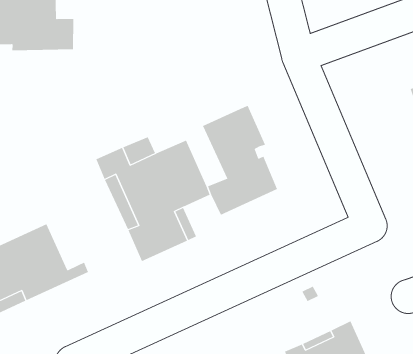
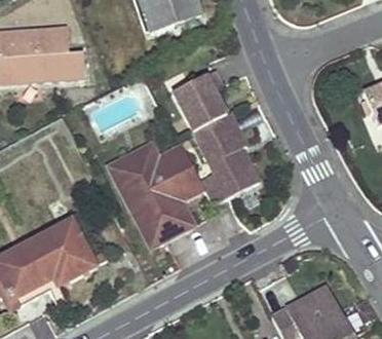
building: none -> [171,70,226,133]

